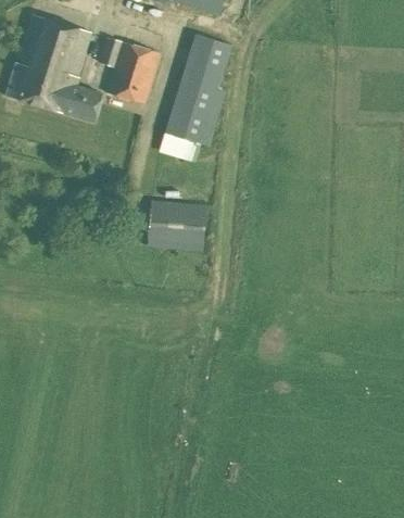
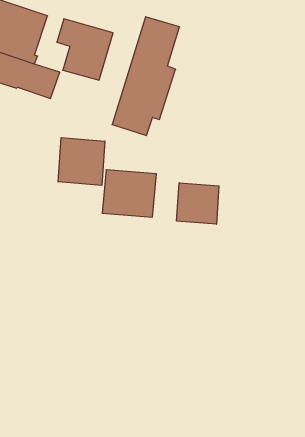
building: none -> [58,138,105,185]
building: none -> [177,183,219,224]

